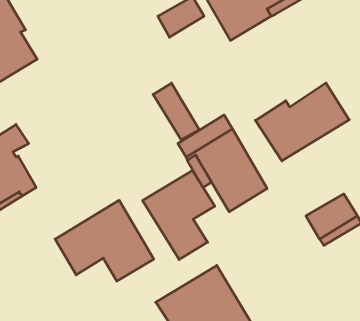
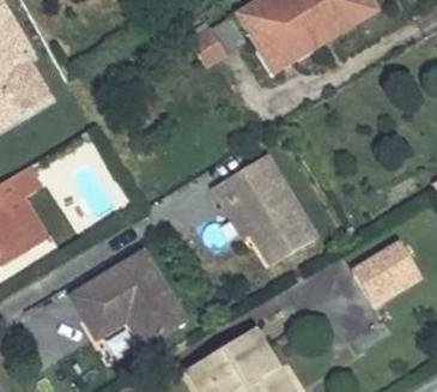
building: [255,83,349,161] -> none
building: [153,83,199,140] -> none
building: [143,170,215,260] -> none

